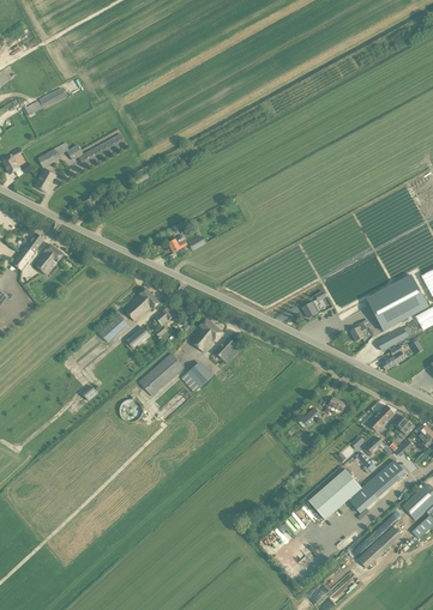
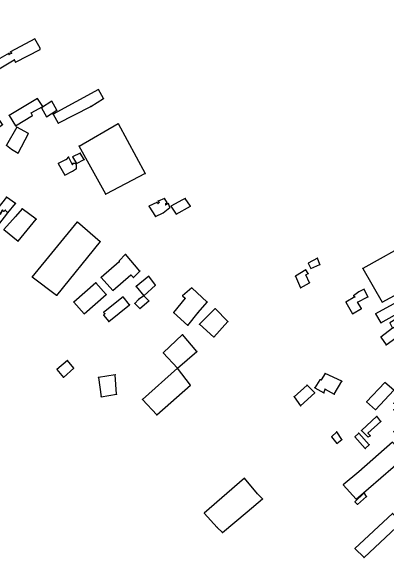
building: none -> [79,124,145,194]
building: none -> [32,222,100,295]
building: [138,352,182,395] -> [142,368,190,415]
building: [307,469,361,519] -> [204,478,263,533]

